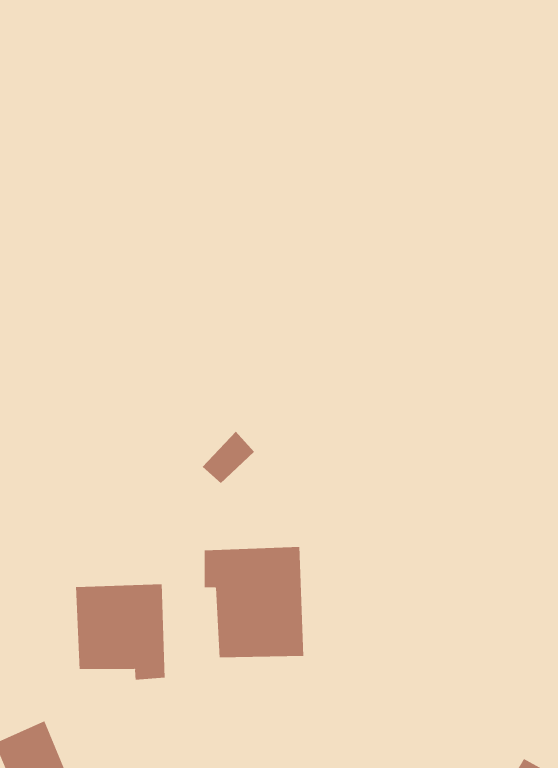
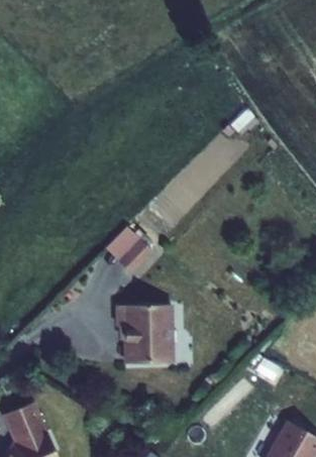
building: [75,584,165,680] -> none

